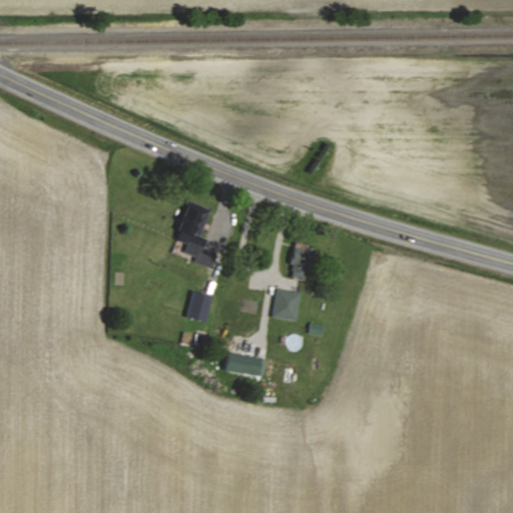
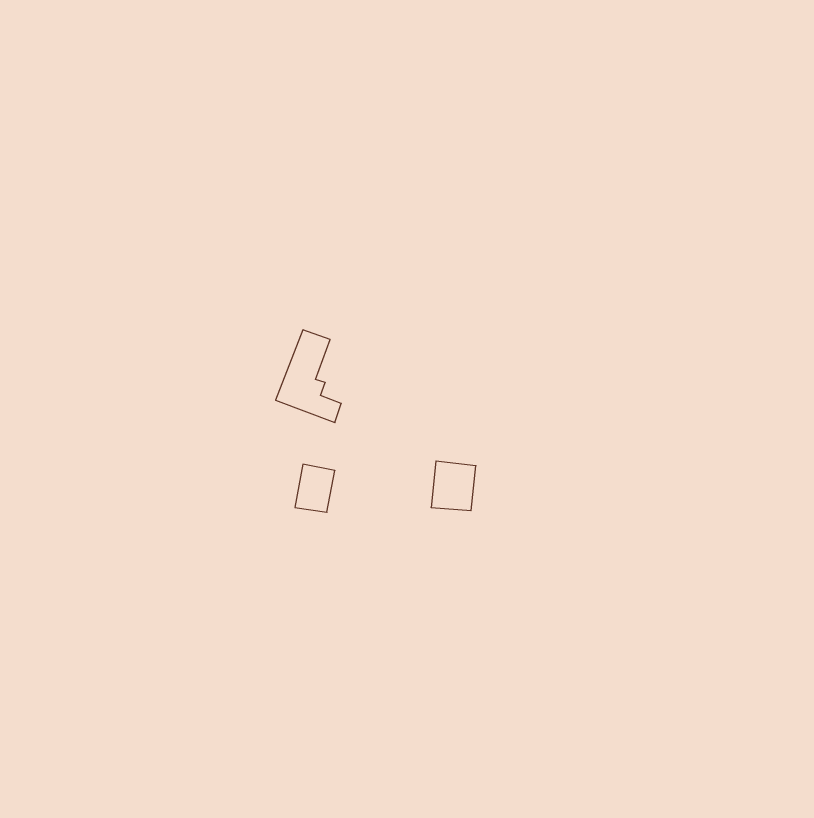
building: [293,243,312,270] -> none
building: [224,353,263,376] -> none

